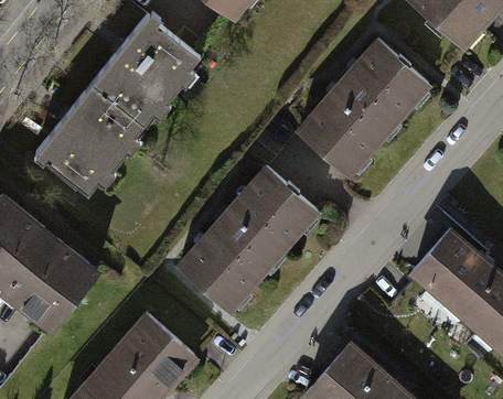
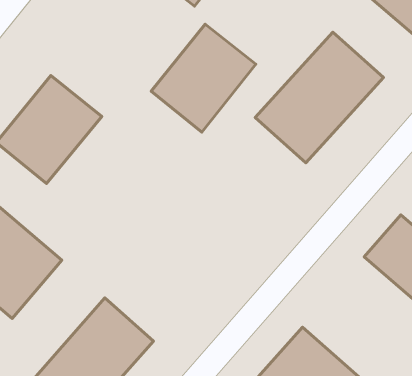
building: [92,19,199,129] -> [151,24,256,132]
building: [175,166,319,315] -> none

